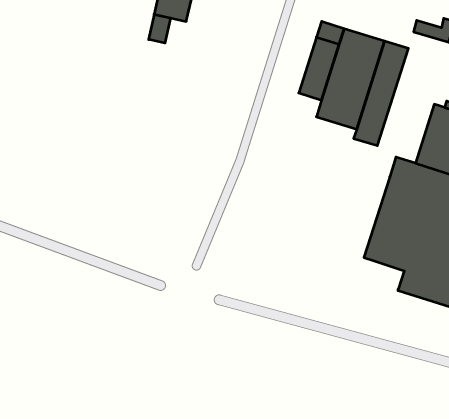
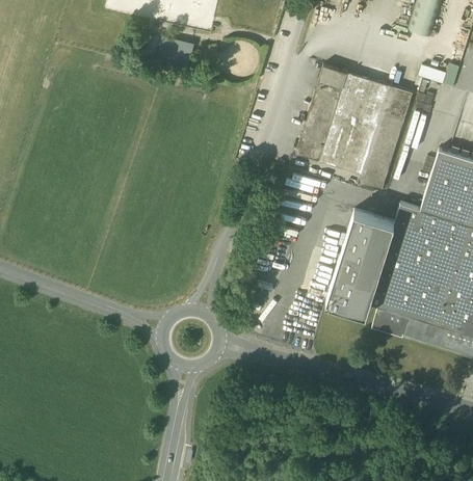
building: [149,15,171,43] -> none
building: none -> [297,138,325,162]
building: none -> [325,210,394,314]
building: none -> [371,306,409,339]

